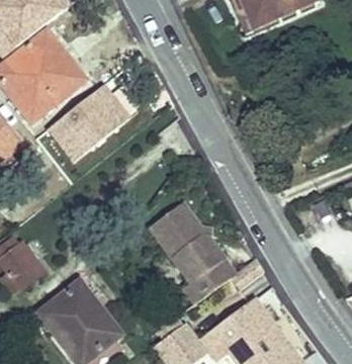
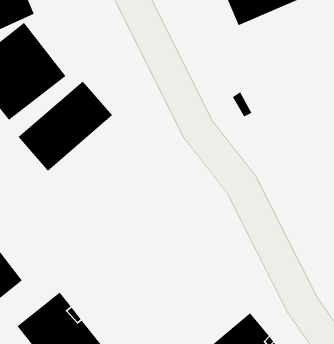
building: [145,199,237,299] -> none

